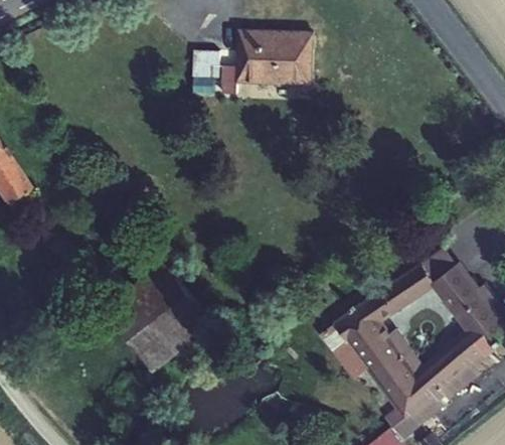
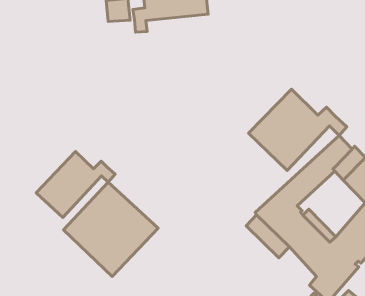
building: none -> [248,89,347,170]
building: none -> [36,152,115,218]

